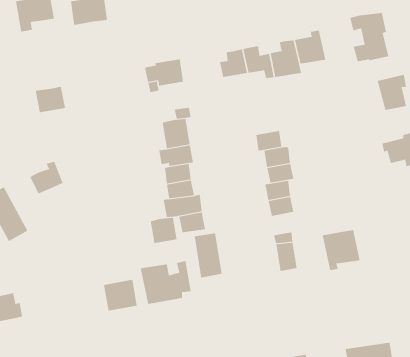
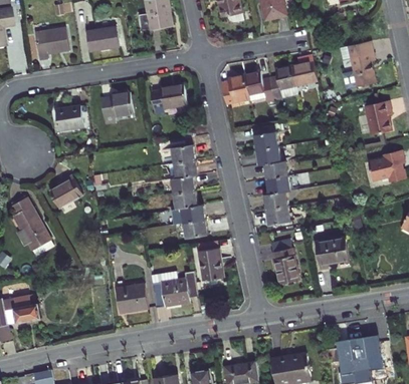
building: none -> [98,94,130,118]
building: none -> [249,123,276,152]
building: [150,217,177,244] -> none

